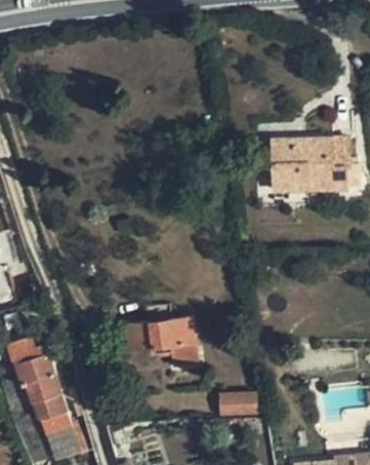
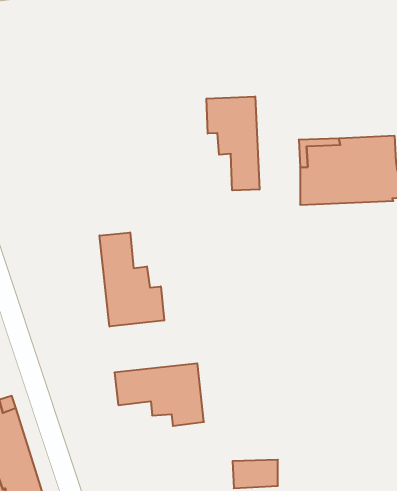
building: none -> [206,96,259,190]
building: none -> [100,232,164,327]

